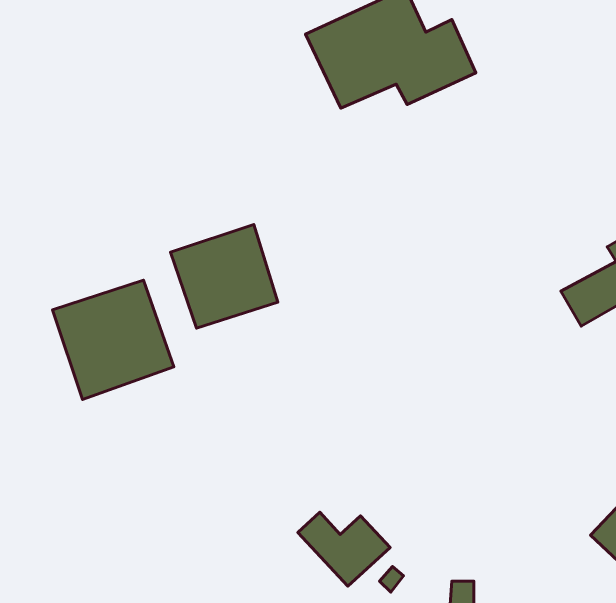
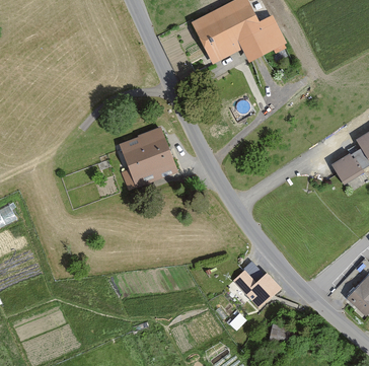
building: [53,280,174,399] -> none
building: [298,512,390,586] -> [232,270,283,310]

